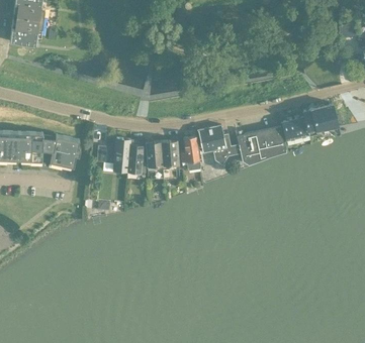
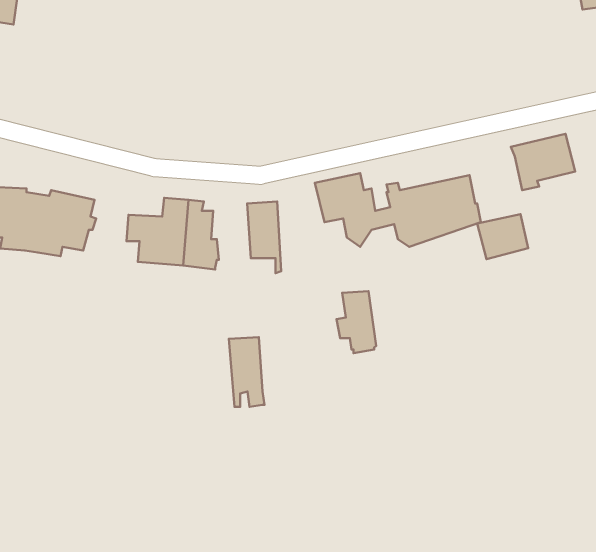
building: [281,115,308,139] -> [477,214,528,259]
building: [179,135,200,168] -> [337,291,376,353]
building: [145,140,164,178] -> [229,337,265,407]

